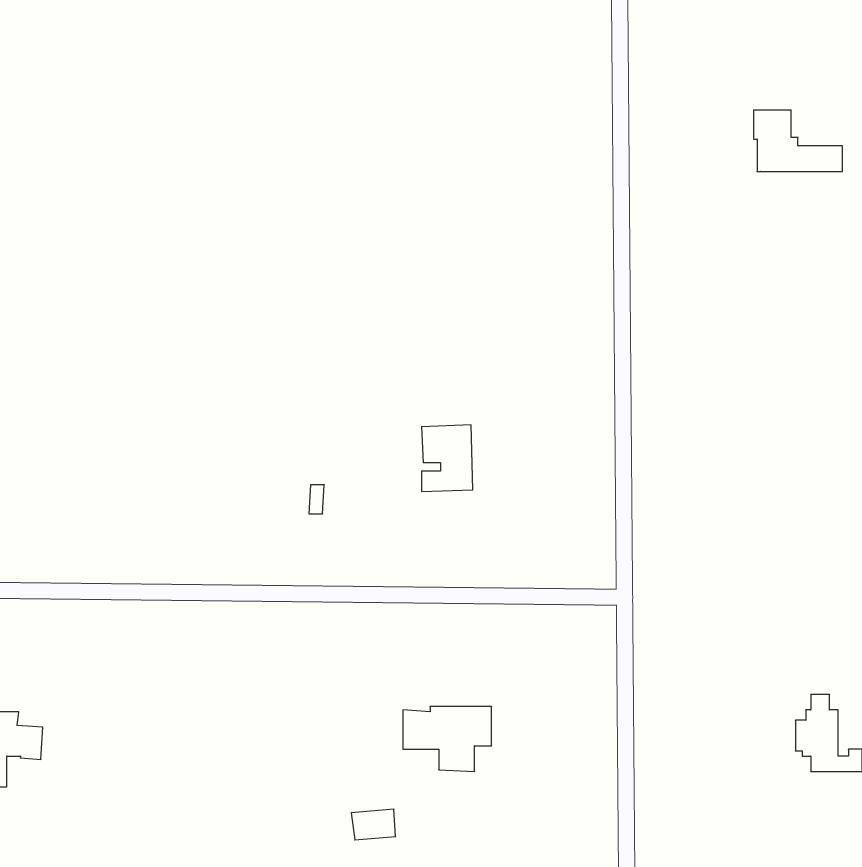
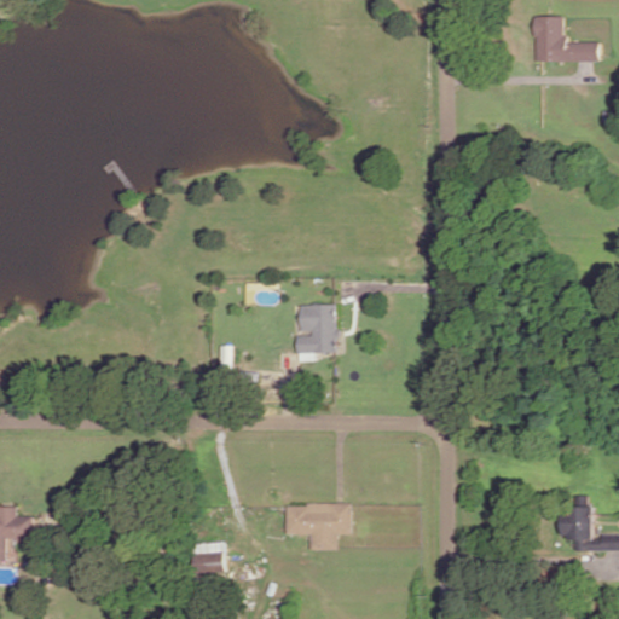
building: [754,110,842,171] -> [534,17,597,60]
building: [351,809,396,840] -> [190,543,221,565]

